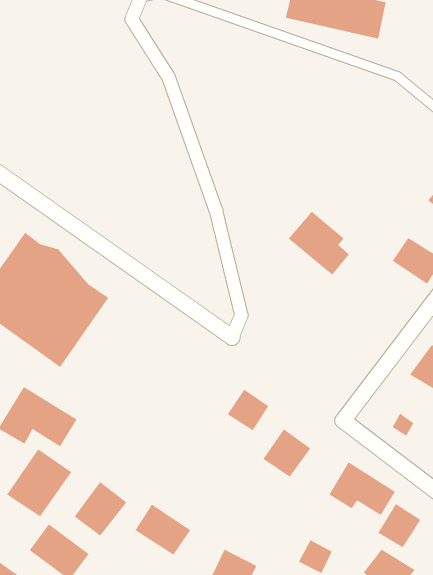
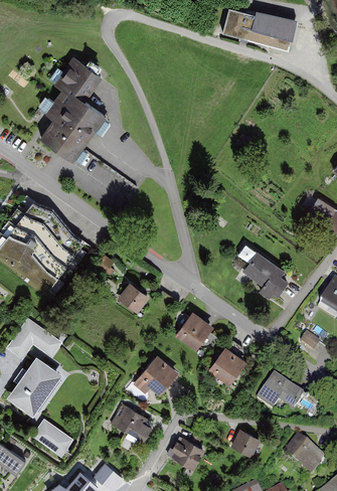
building: none -> [43,57,104,158]
building: [288,211,350,276] -> [239,248,287,297]
building: none -> [120,283,149,312]
building: none -> [140,356,176,392]
building: [74,481,127,536] -> none
building: [377,503,421,548] -> none

